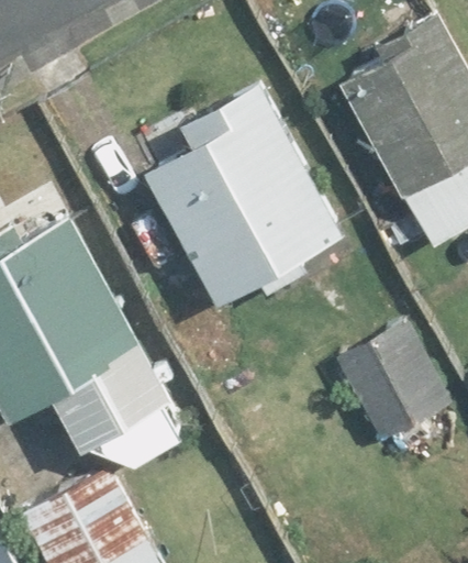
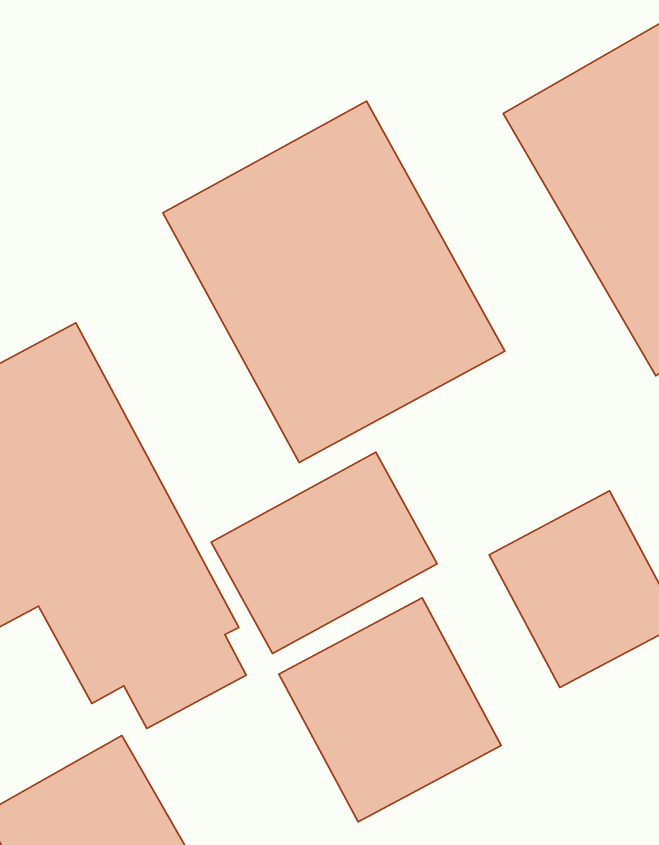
building: none -> [211,452,437,654]
building: none -> [279,598,501,822]

